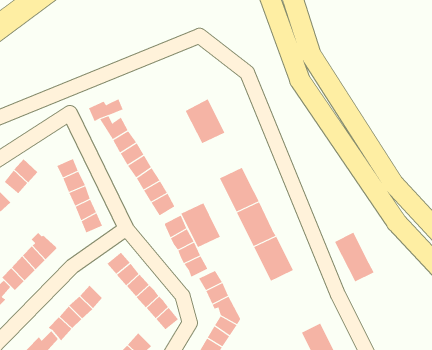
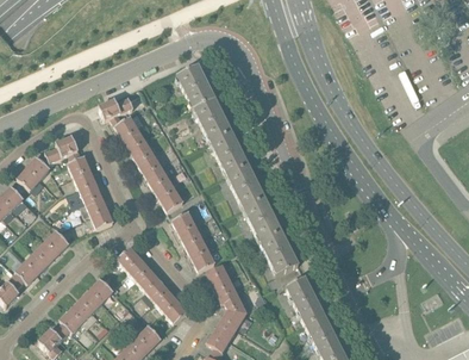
building: none -> [174,63,214,108]
building: none -> [44,136,80,162]
building: [180,203,221,248] -> [208,130,248,174]
building: [334,232,375,282] -> [284,275,324,324]

